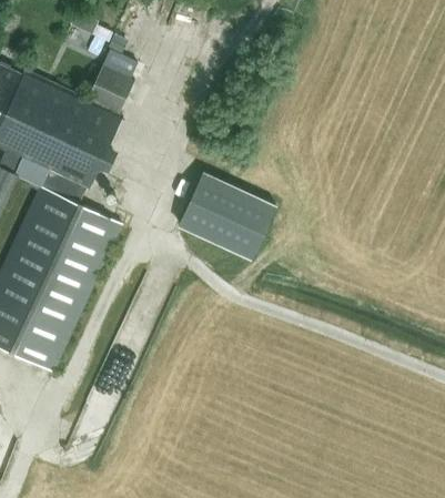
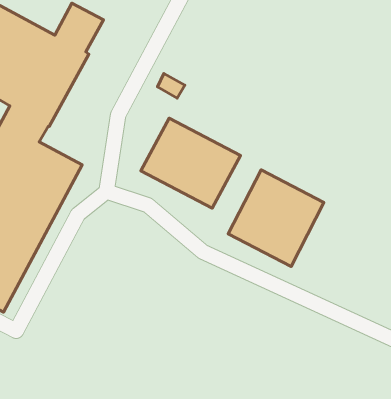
building: none -> [228,170,324,267]

